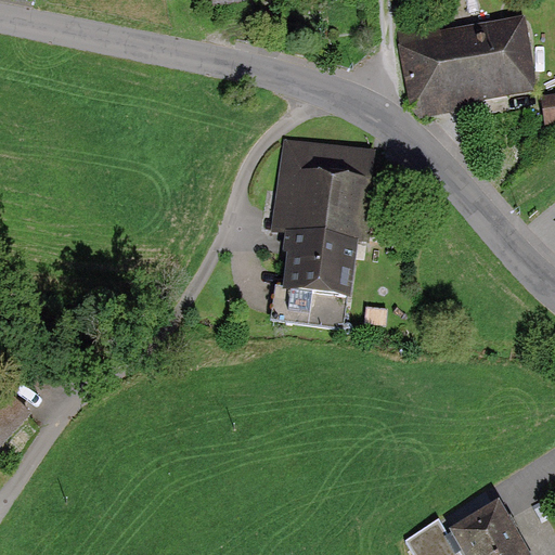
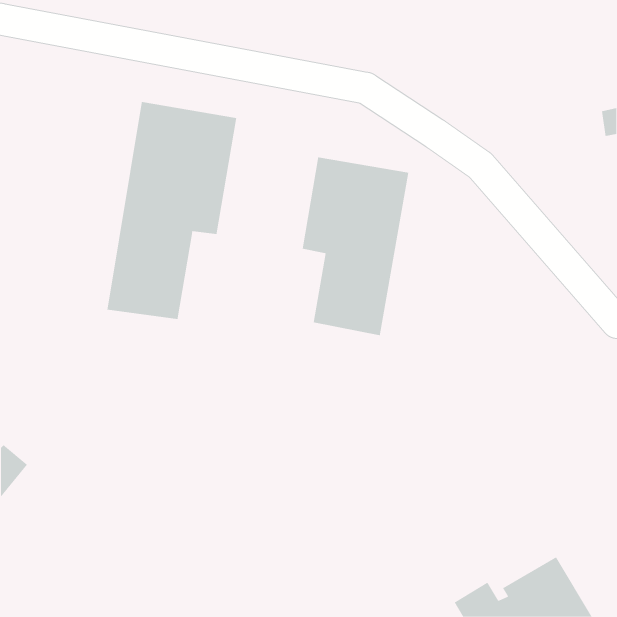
building: [398,16,534,109] -> none
building: none -> [107,101,237,320]

